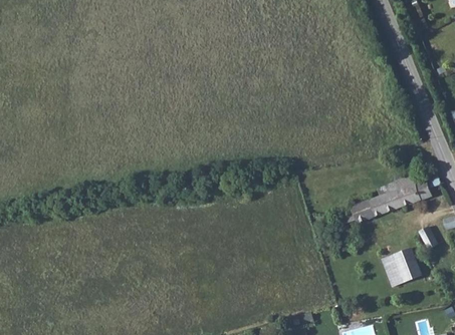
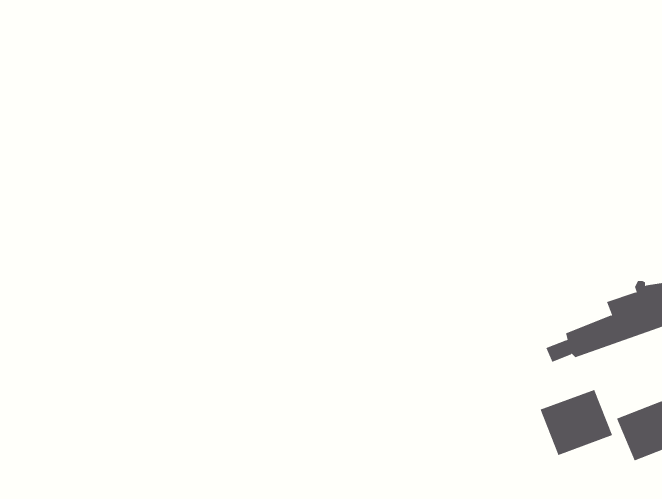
building: none -> [540,389,613,456]

